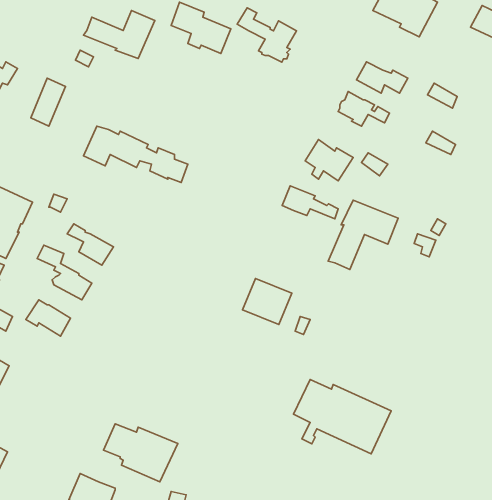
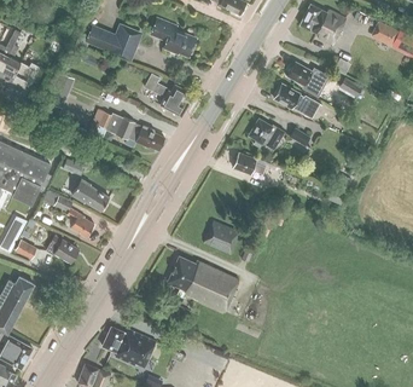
building: [237,8,297,62] -> [144,74,187,114]
building: [328,200,398,270] -> none
building: [294,379,391,454] -> [167,256,238,311]

